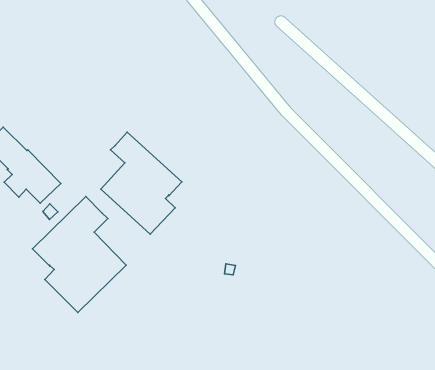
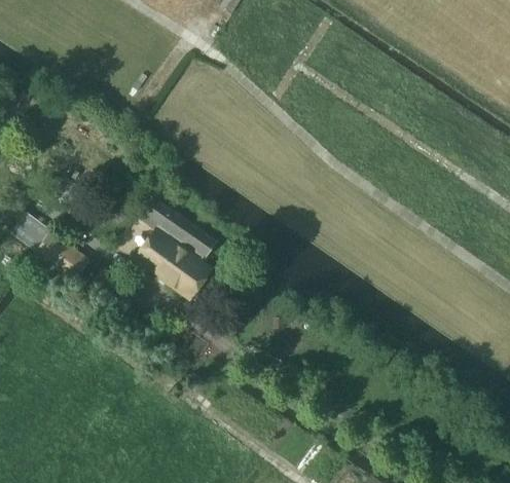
building: [32,196,126,312] -> none

